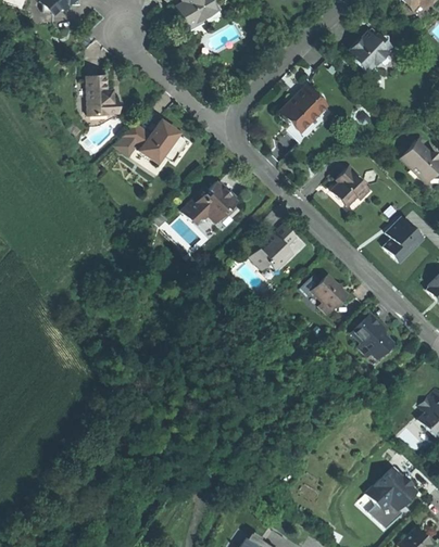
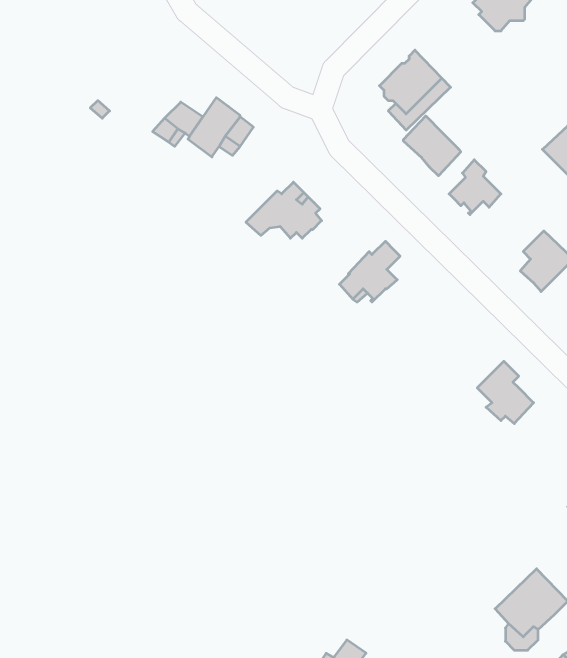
building: [87,75,118,116] -> none
building: none -> [403,116,461,176]
building: [313,275,347,313] -> none

